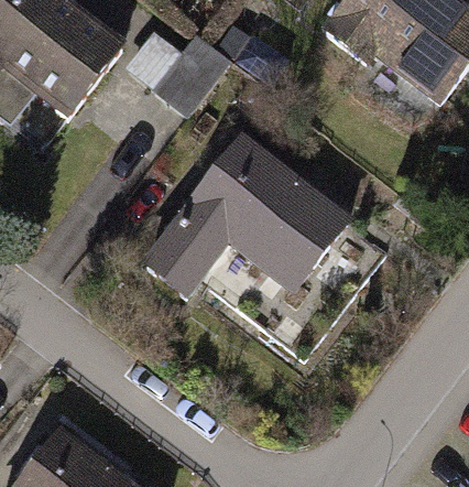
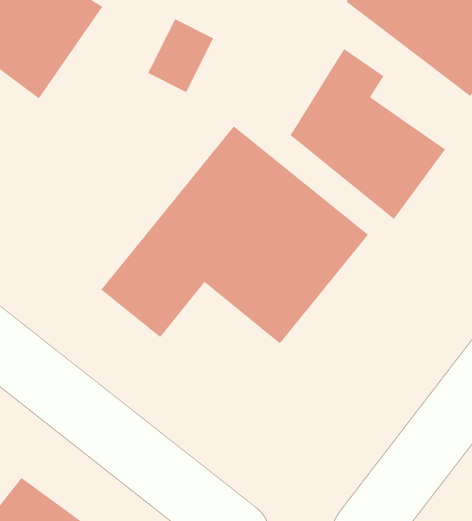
building: none -> [290,48,446,220]

